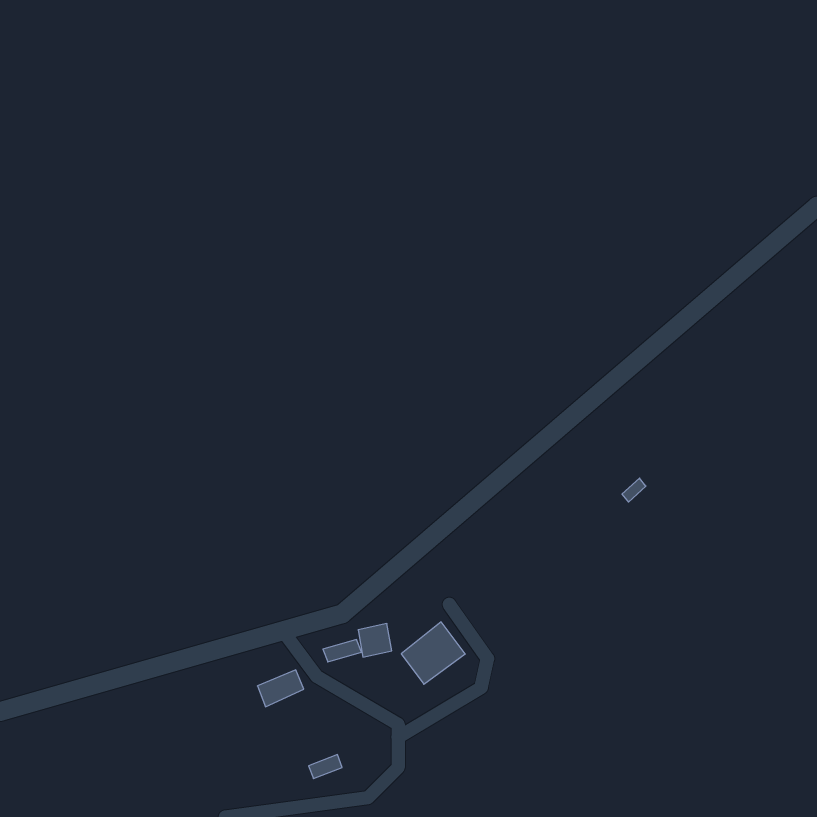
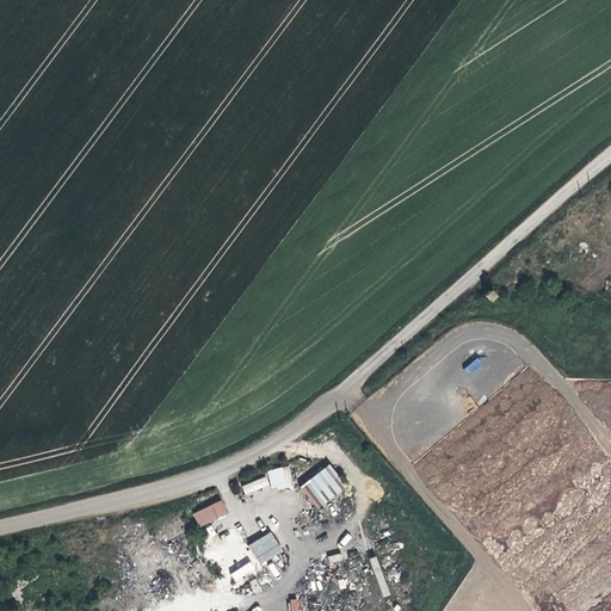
building: none -> [248,532,282,564]

